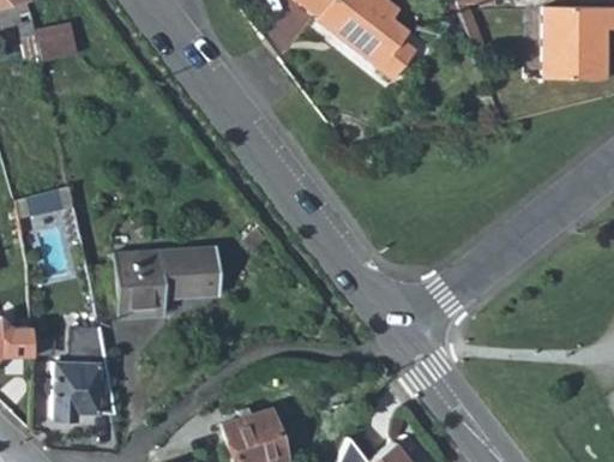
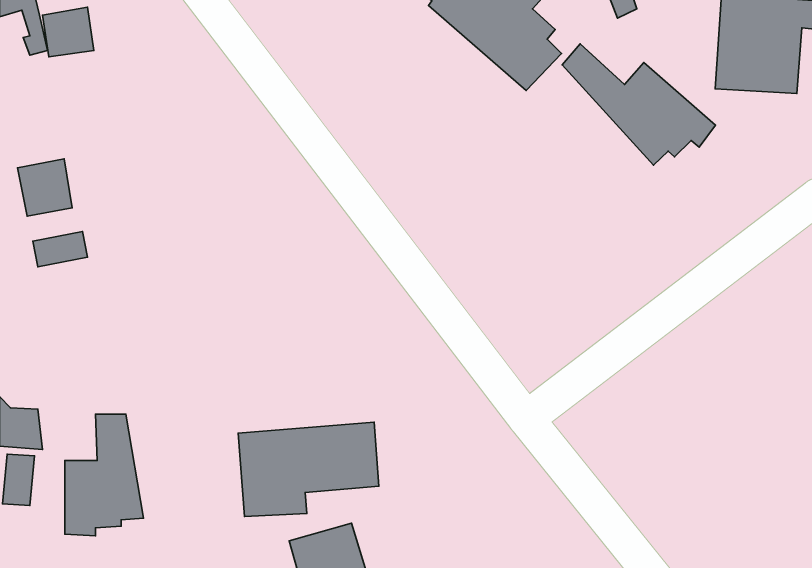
building: none -> [562,44,716,165]
building: none -> [18,159,72,216]
building: [109,245,215,316] -> [238,422,379,517]

